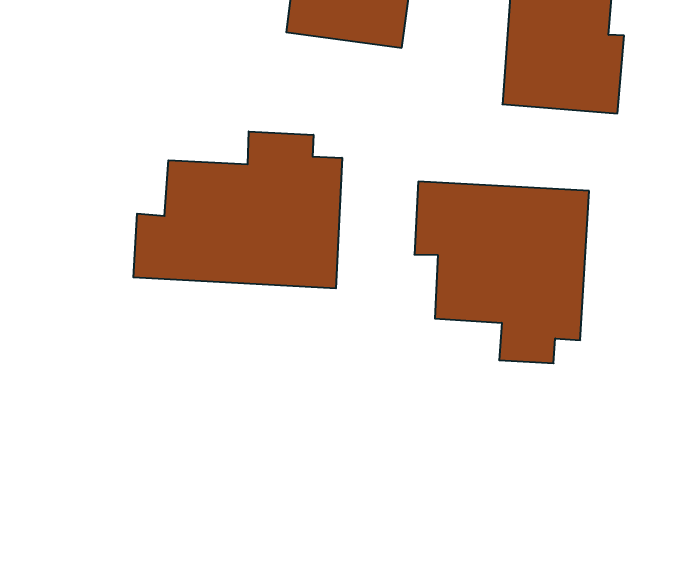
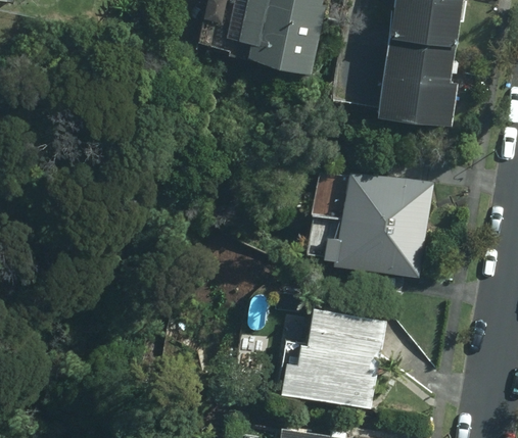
building: [133,131,342,288] -> none
building: none -> [279,303,384,407]

